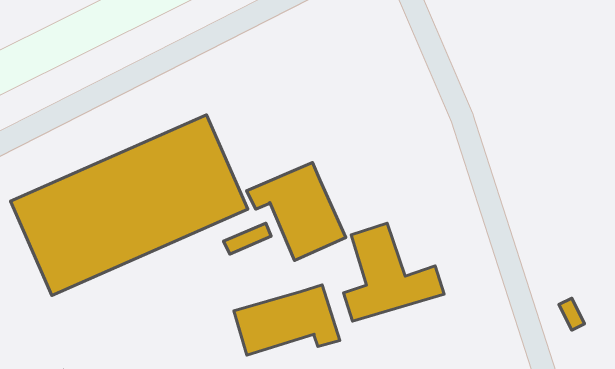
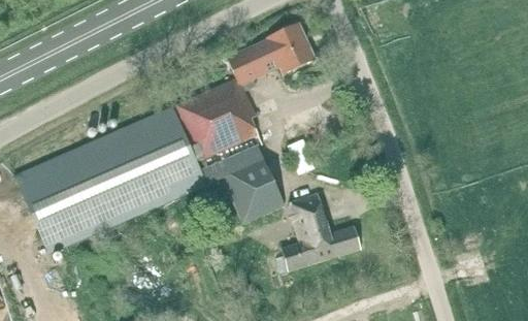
building: none -> [176,23,315,158]
building: [234,285,340,355] -> none

